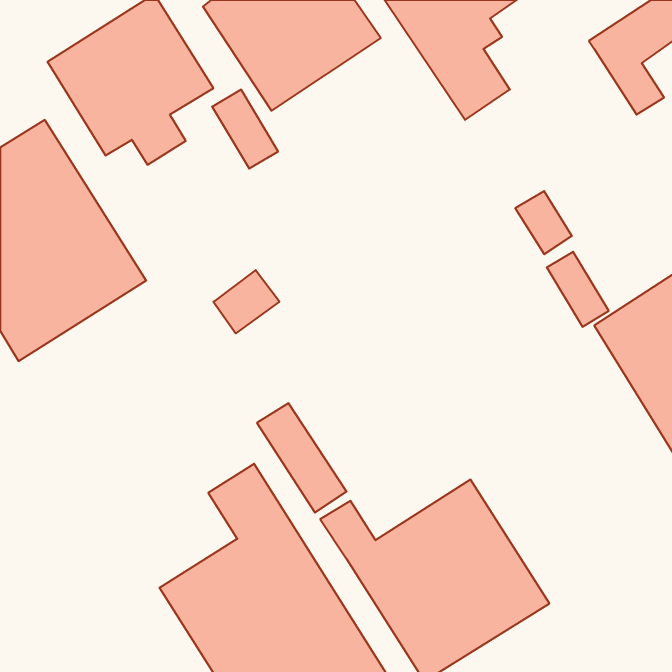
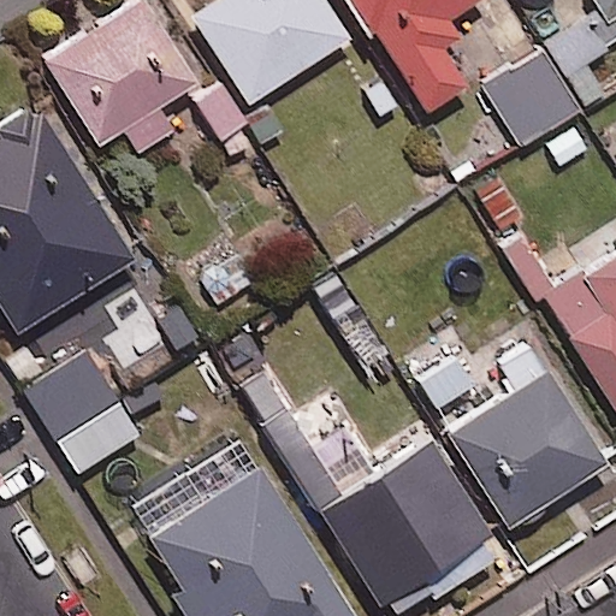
building: none -> [484,46,582,146]
building: none -> [24,351,137,473]
building: none -> [450,371,606,525]

